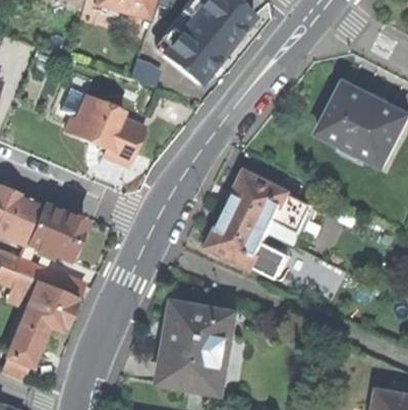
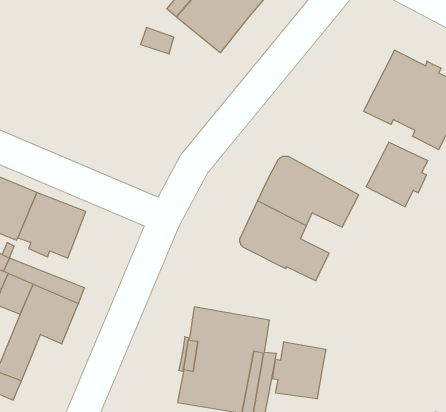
building: [64,96,143,166] -> none
building: none -> [366,142,428,207]
building: none -> [273,342,326,399]

